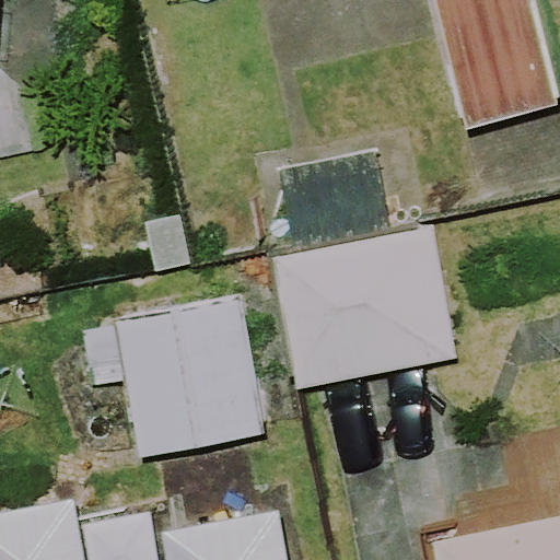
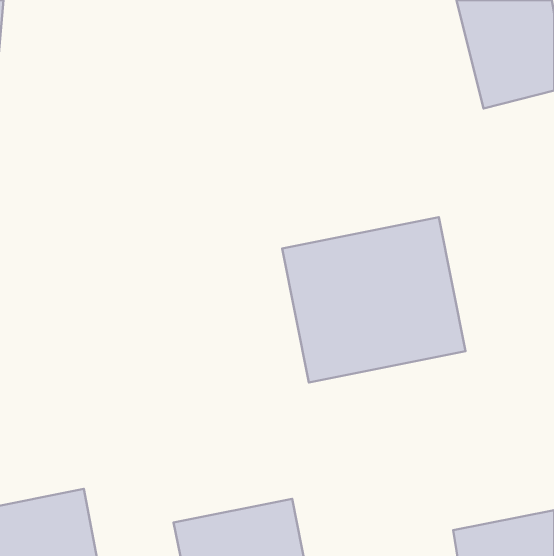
building: [75,302,261,456] -> none

